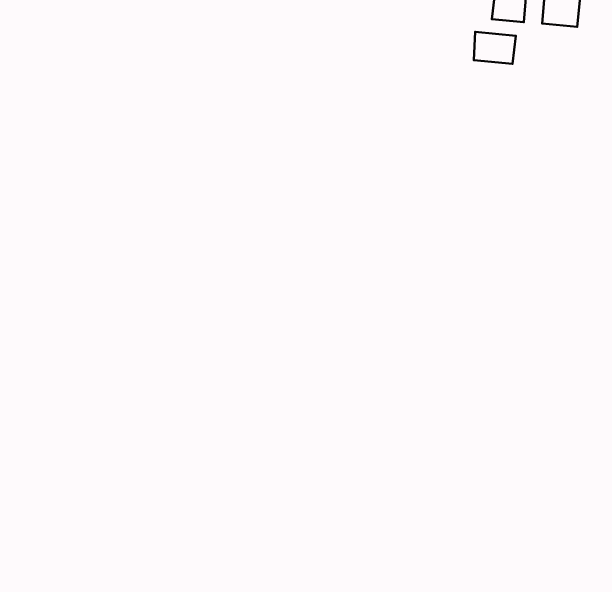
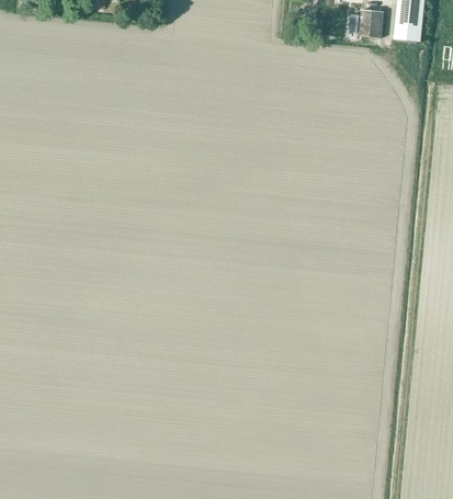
building: [474,32,516,64] -> none

